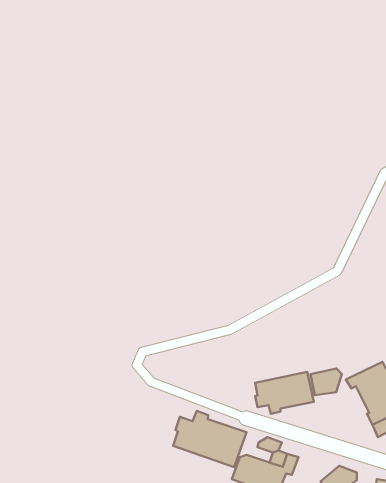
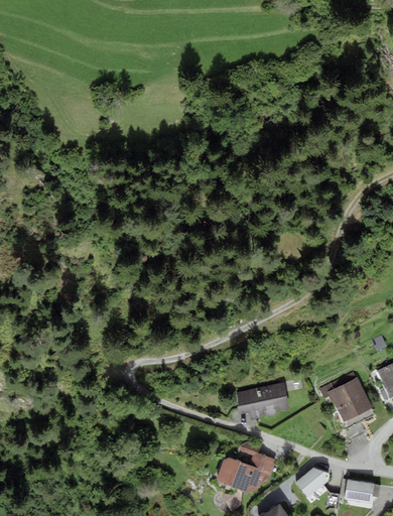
building: [310,369,342,395] -> none
building: [173,411,247,467] -> none

